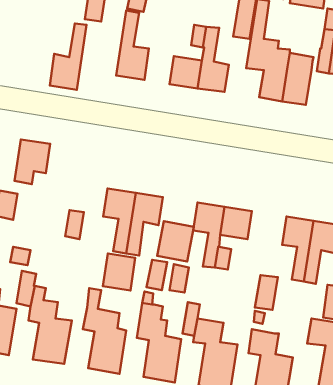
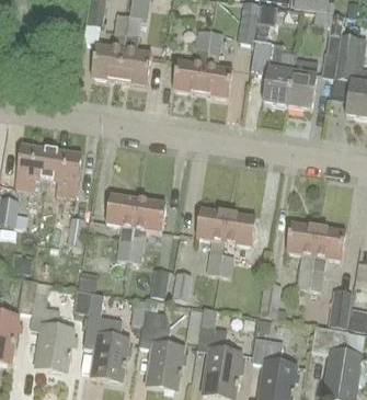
building: [50,24,87,90] -> [91,13,128,80]
building: none -> [47,149,81,195]
building: [157,221,194,262] -> none
building: [103,254,135,290] -> none

